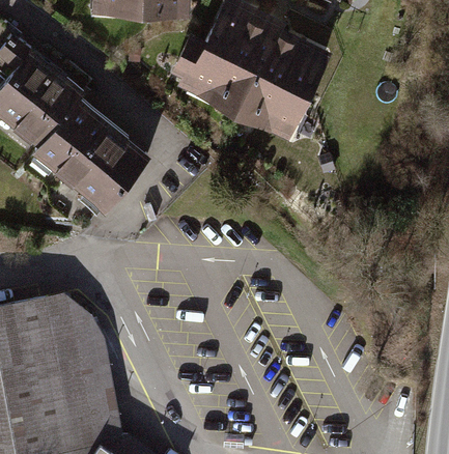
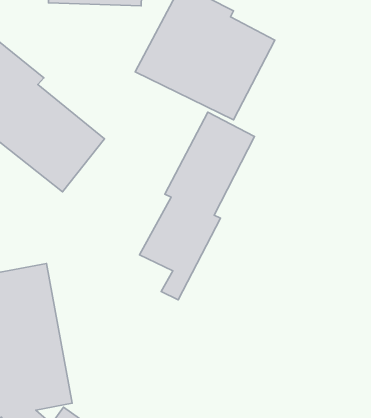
building: none -> [139,112,255,300]

